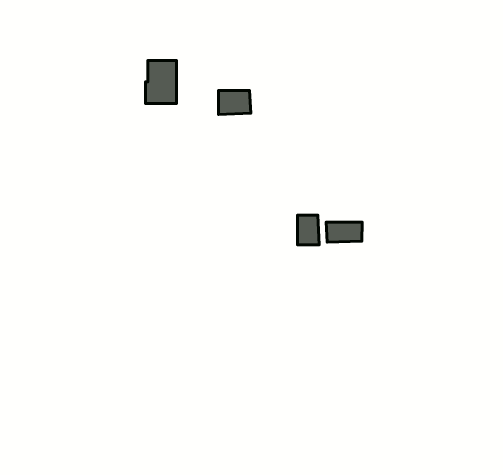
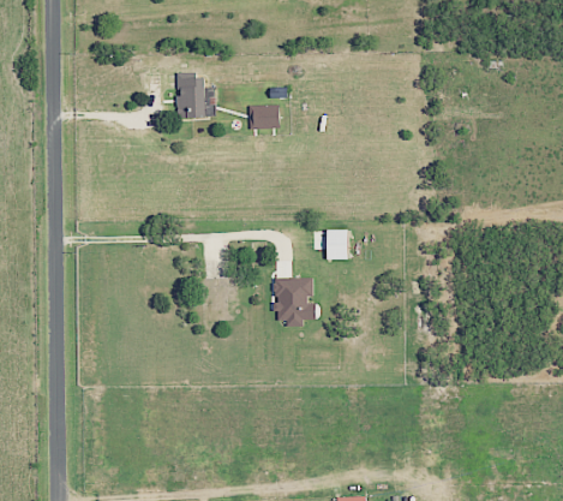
building: [326,222,362,242] -> none
building: none -> [275,278,316,323]

